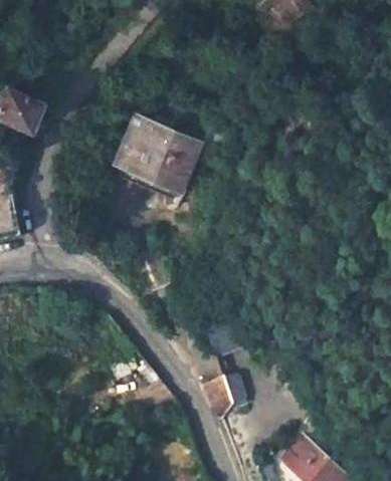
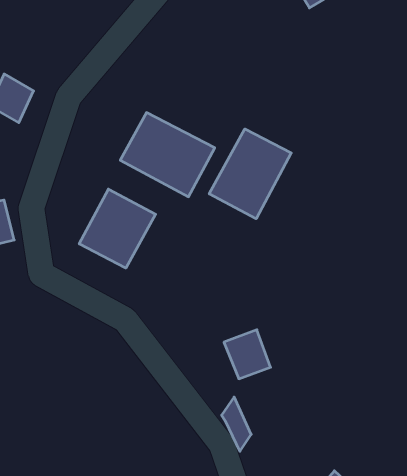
building: none -> [209,129,291,219]
building: none -> [79,189,156,268]

